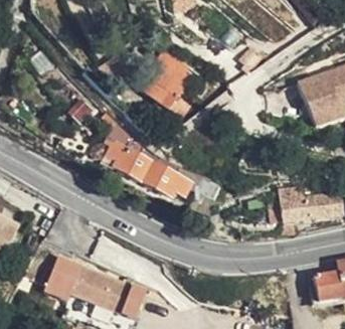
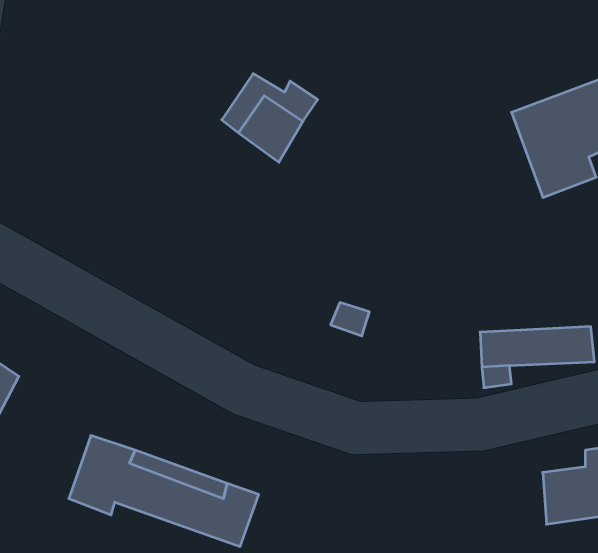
building: [103,126,190,202] -> none

